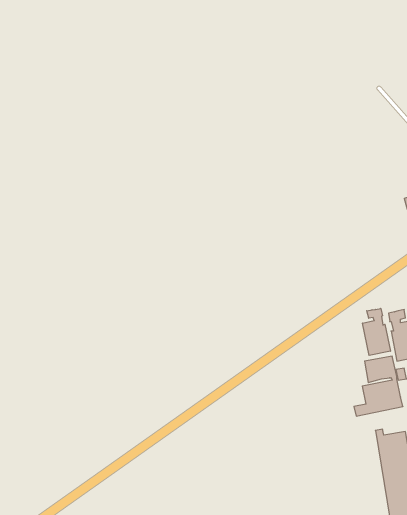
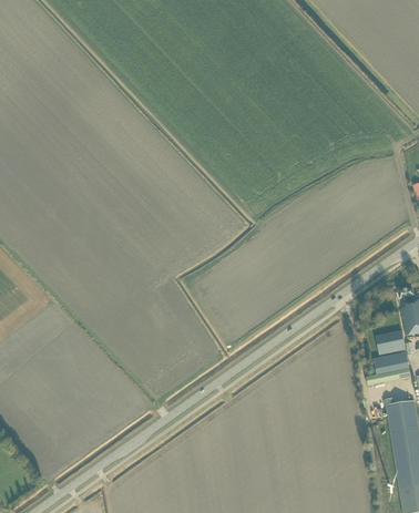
building: [363,308,390,355] -> none

